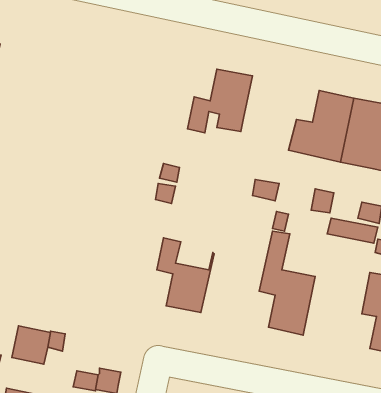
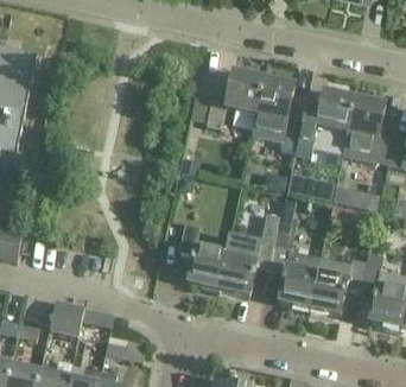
building: none -> [250,77,302,144]
building: none -> [216,212,280,296]
building: none -> [307,252,367,315]

